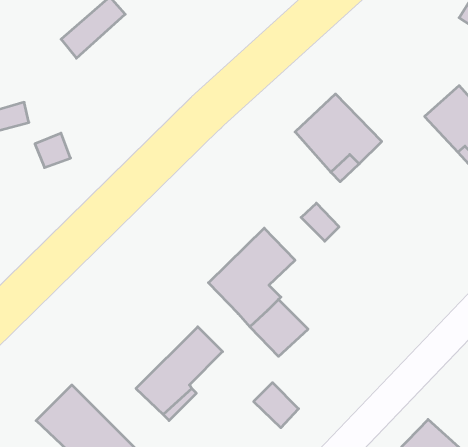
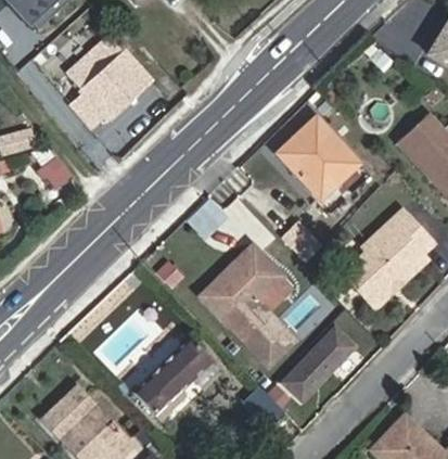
building: none -> [69,49,154,130]
building: none -> [343,204,428,301]
building: none -> [282,327,353,396]

